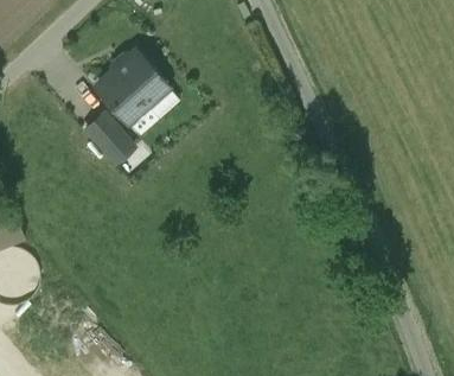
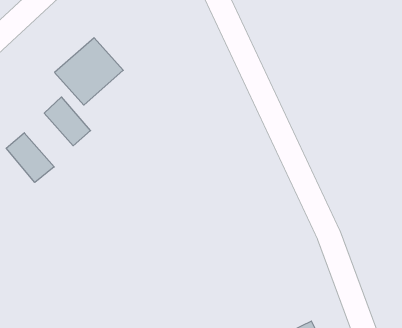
building: none -> [6,133,54,182]

